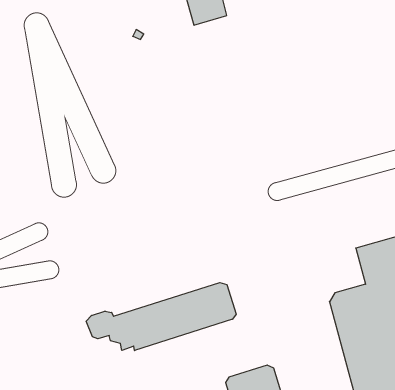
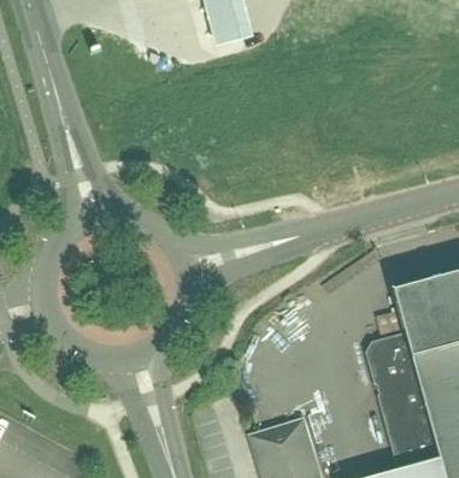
building: [86,283,236,351] -> none

